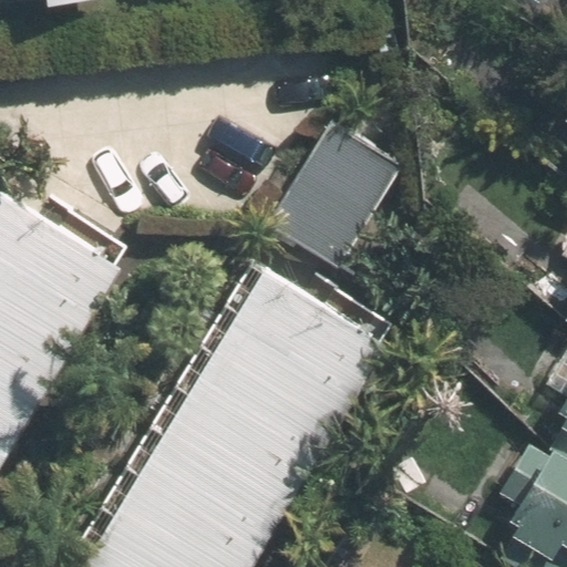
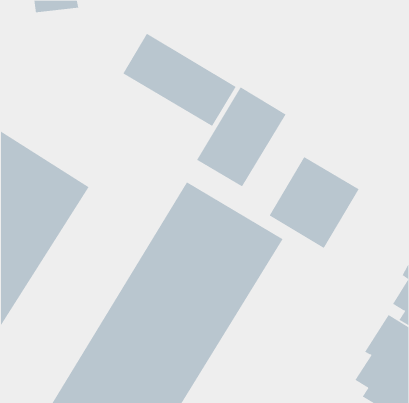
building: none -> [123,33,237,127]
building: none -> [269,156,360,249]

